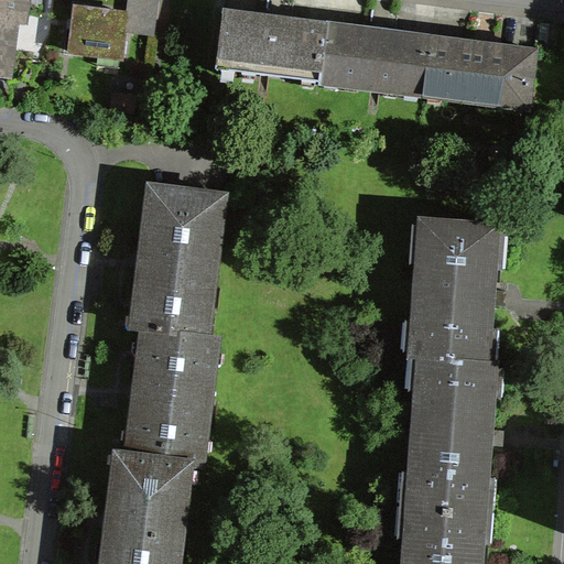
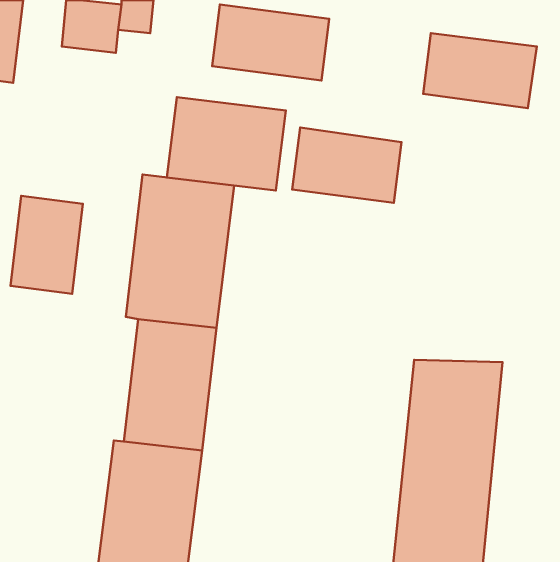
building: [321,21,430,96] -> [292,128,402,203]
building: none -> [167,97,286,191]
building: none -> [10,196,83,294]
building: [413,228,505,364] -> none

